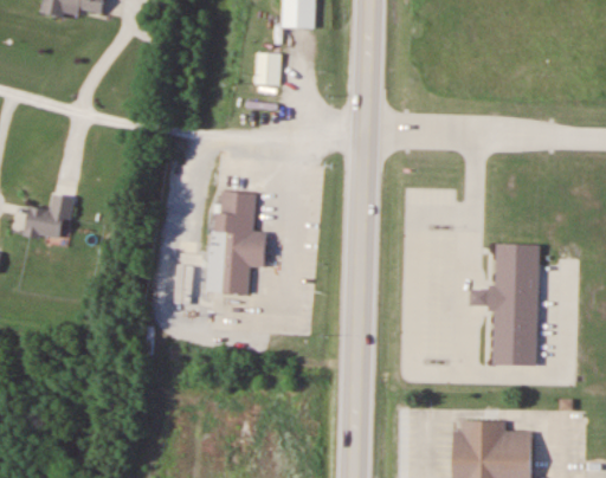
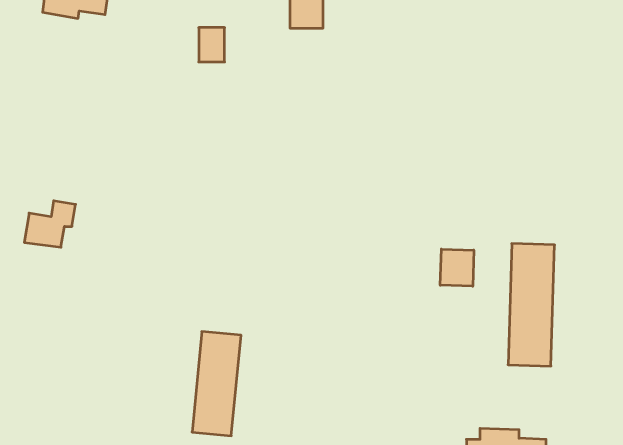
building: [257,56,282,89] -> [199,28,225,62]
building: [211,186,258,286] -> [192,332,241,436]
building: none -> [440,249,474,286]

